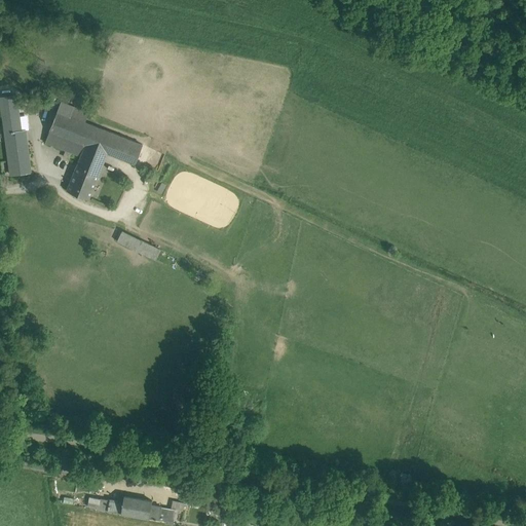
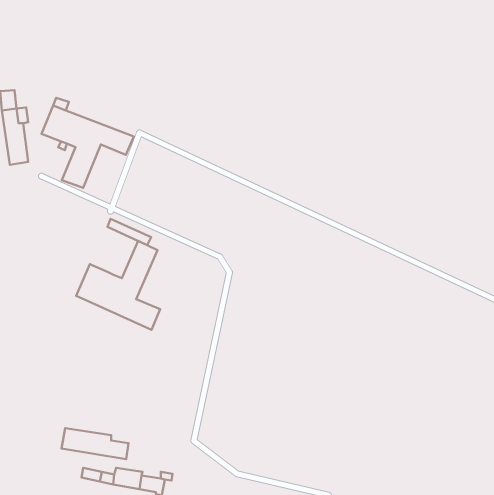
building: none -> [76,241,160,330]
building: none -> [61,428,129,459]

